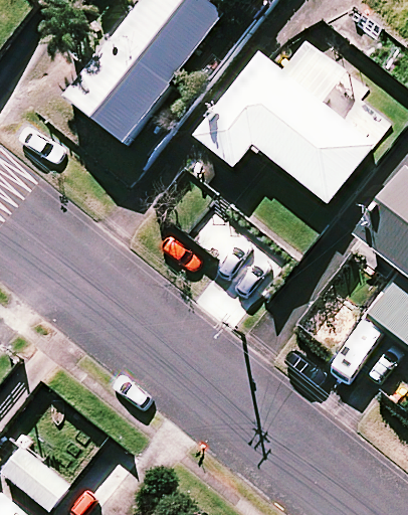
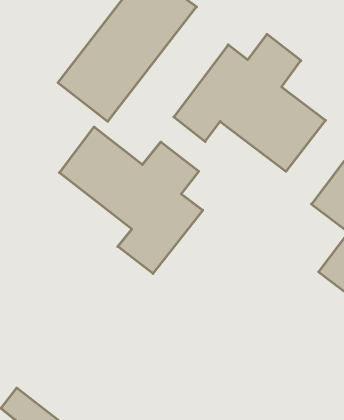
building: none -> [59,127,203,274]

